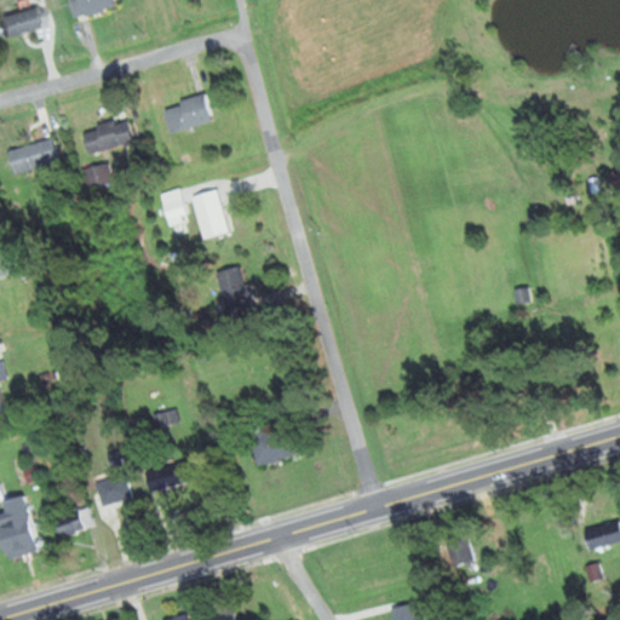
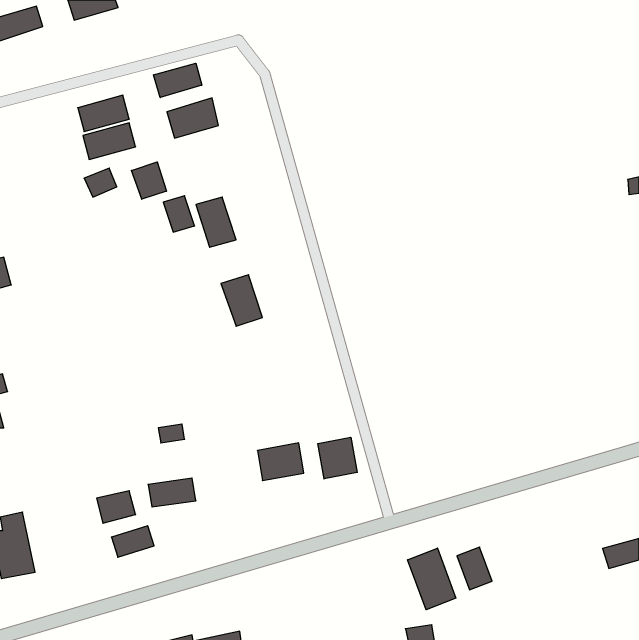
building: none -> [154,63,202,98]
building: [7,140,57,176] -> [78,95,129,132]
building: none -> [131,162,166,199]
building: none -> [318,437,357,479]
building: [50,507,91,538] -> [111,526,154,557]
building: none -> [408,548,456,610]

